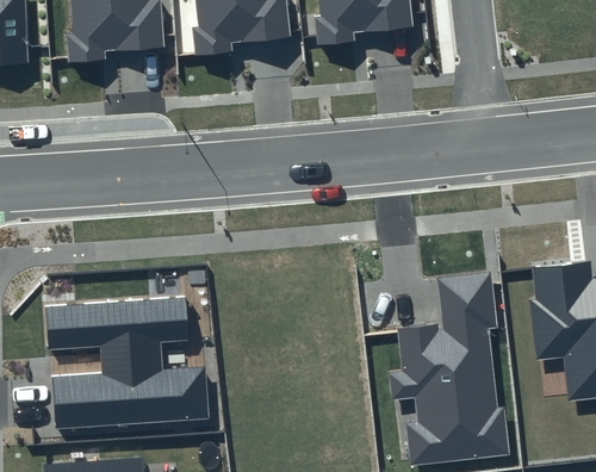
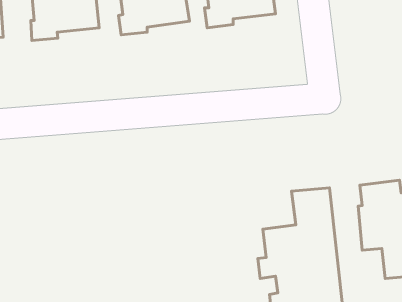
building: [44,298,209,428] -> none

